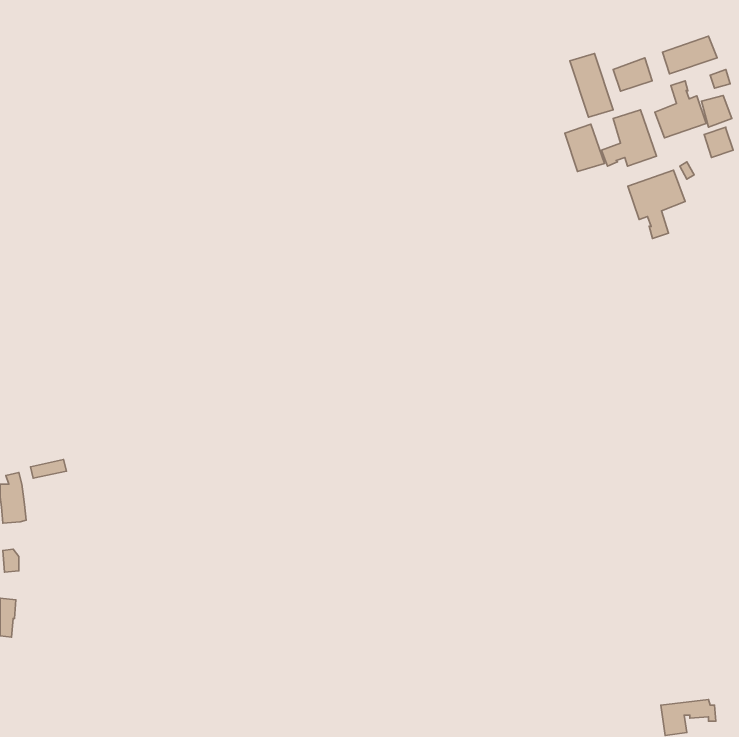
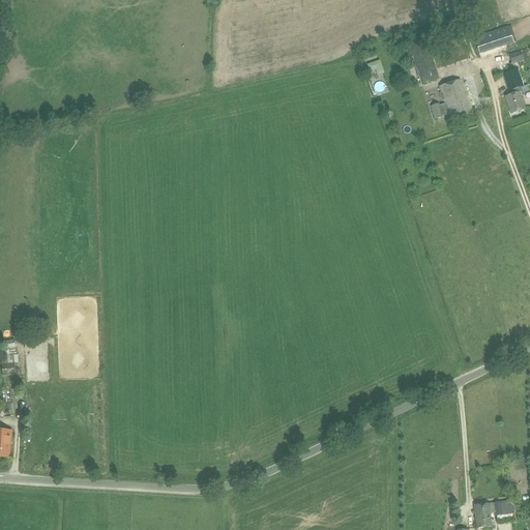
building: [655,81,706,138] -> none
building: [565,124,604,172] -> none
building: [628,170,685,238] -> none

